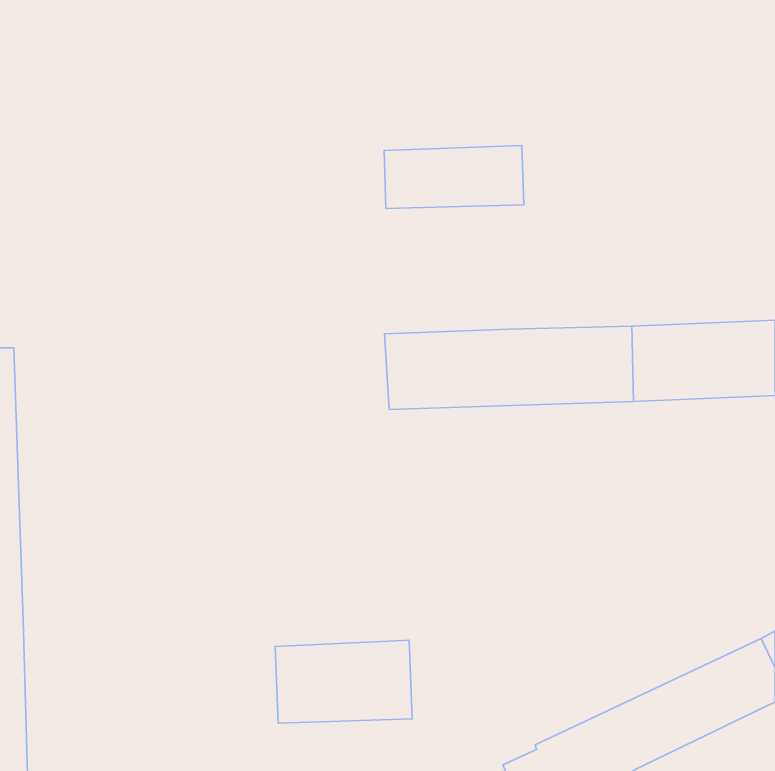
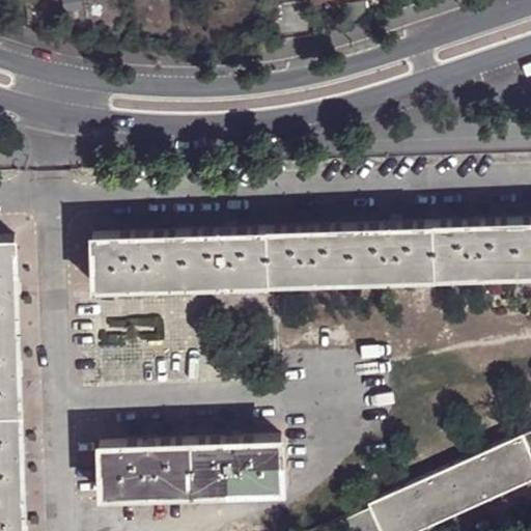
building: [384,146,524,209] -> none
building: none -> [88,235,262,292]
building: none -> [94,446,188,502]

